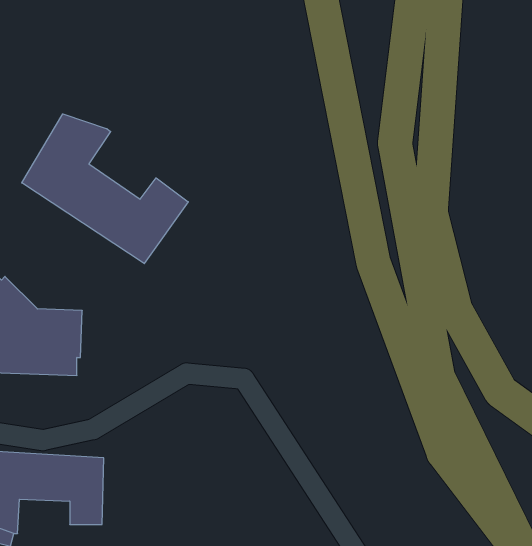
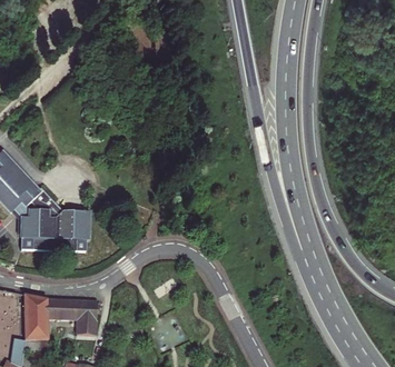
building: [22,114,188,264] -> none

